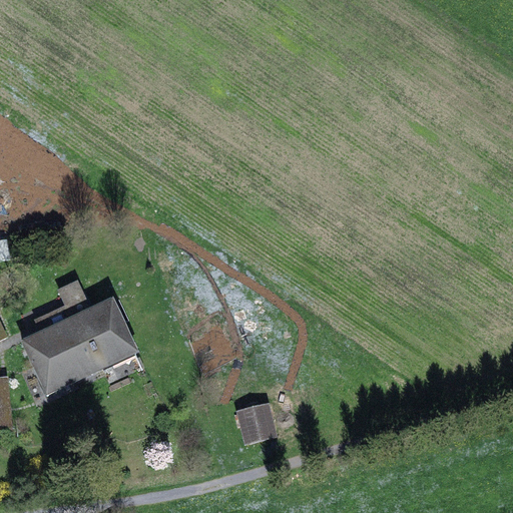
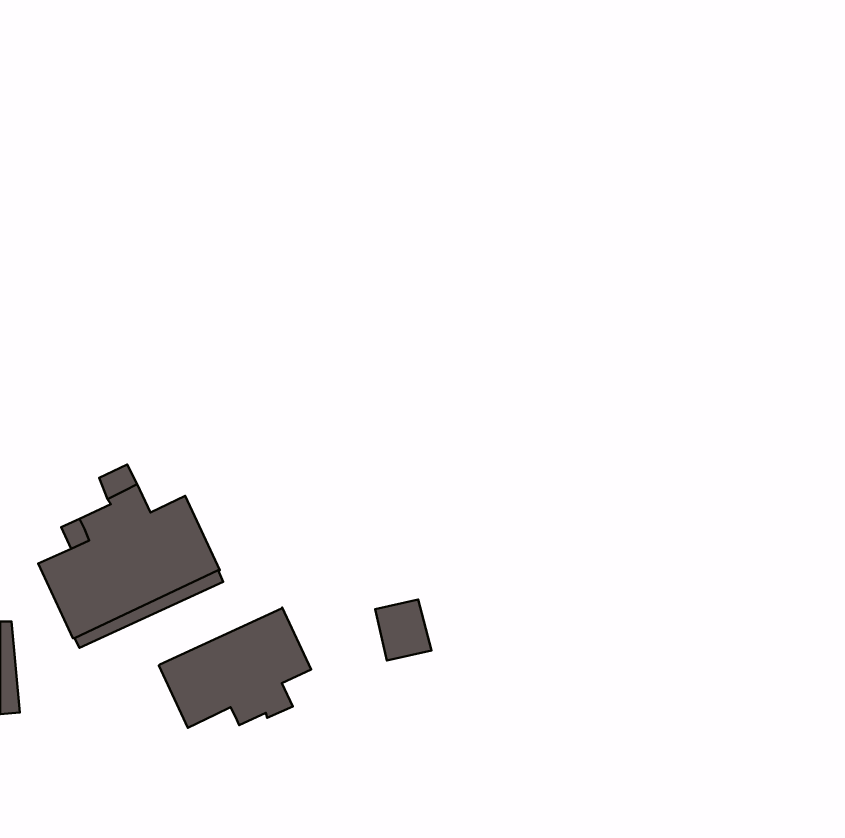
building: none -> [159,607,311,728]
building: [240,405,275,442] -> [375,599,431,661]

